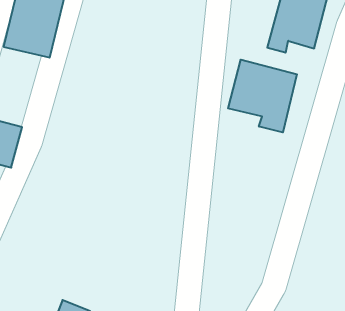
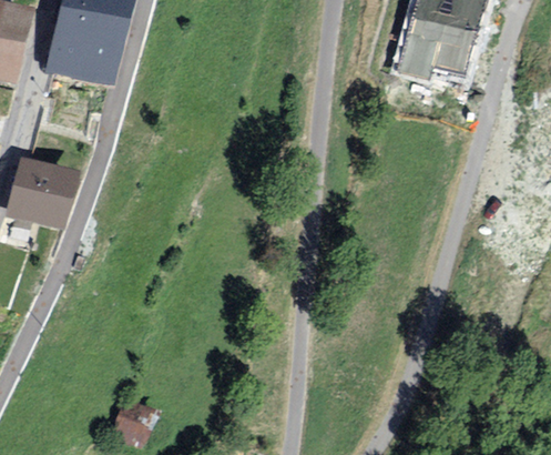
building: [228,60,297,132] -> none

